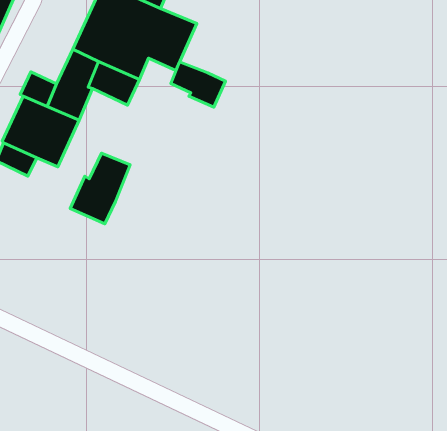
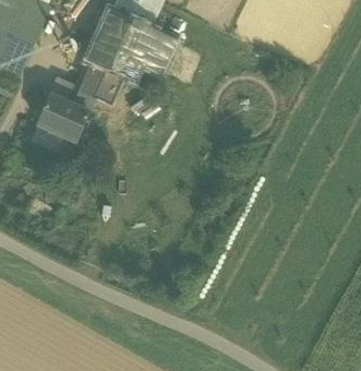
building: [171,62,225,107] -> none
building: [70,153,130,224] -> none

